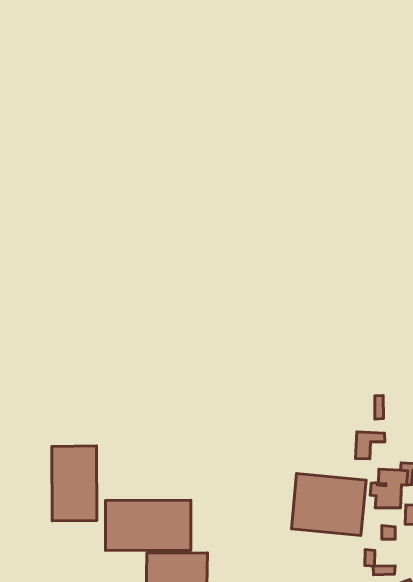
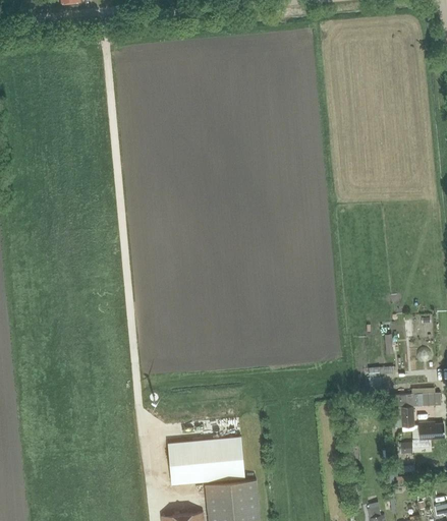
building: [52,446,97,521] -> none
building: [291,474,366,535] -> none

